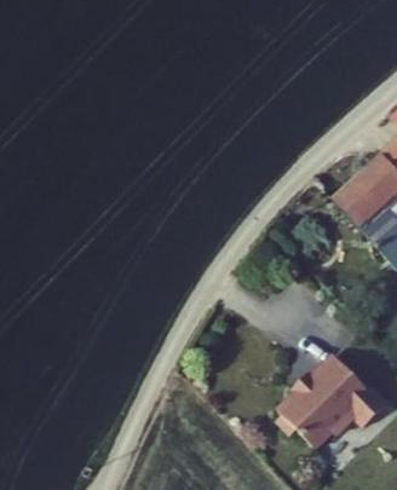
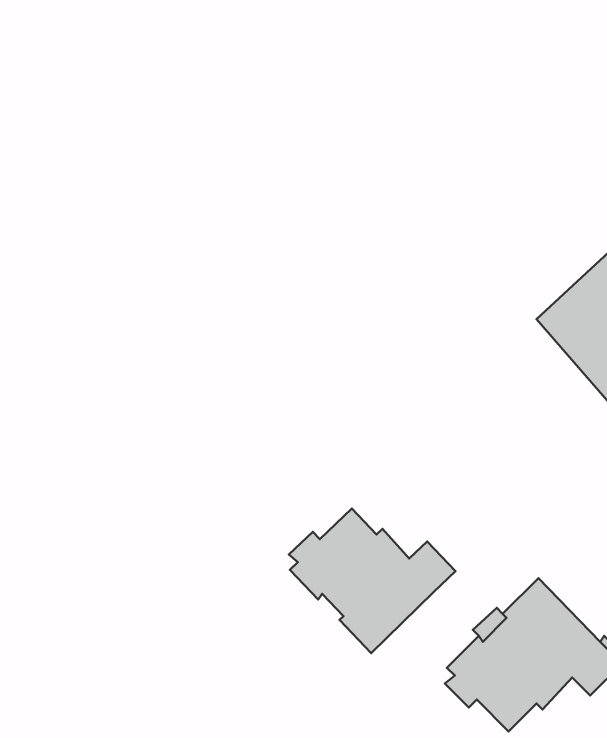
building: none -> [289,509,455,653]

